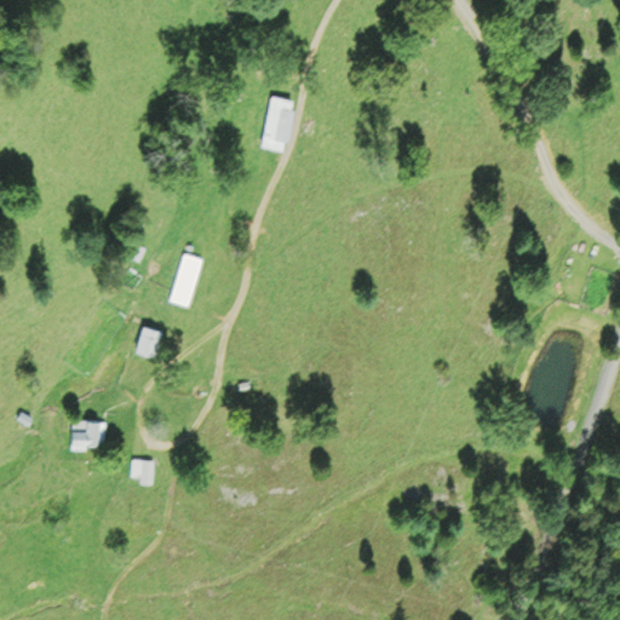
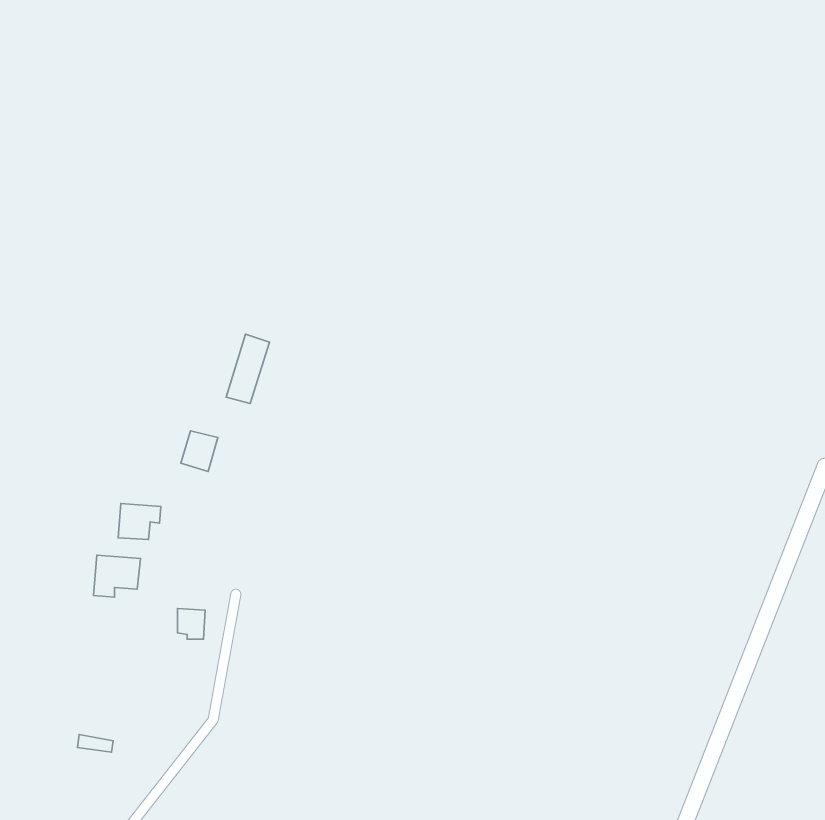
building: [262,97,292,151] -> none
building: none -> [118,503,161,540]

